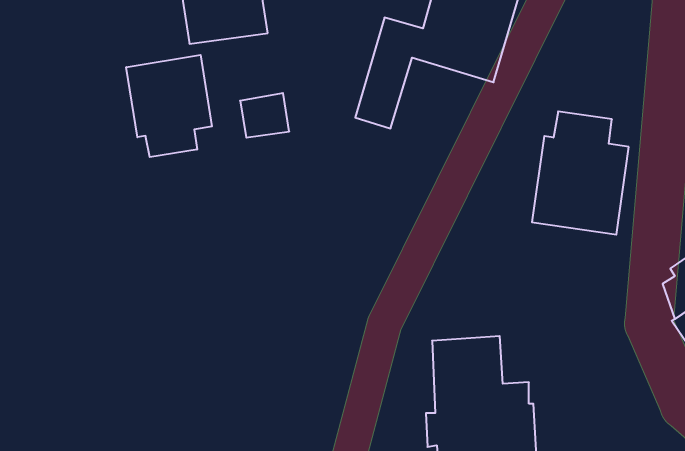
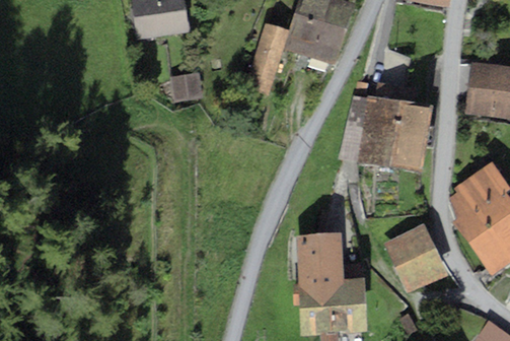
building: [126,55,212,157] -> none
building: none -> [387,229,443,288]

